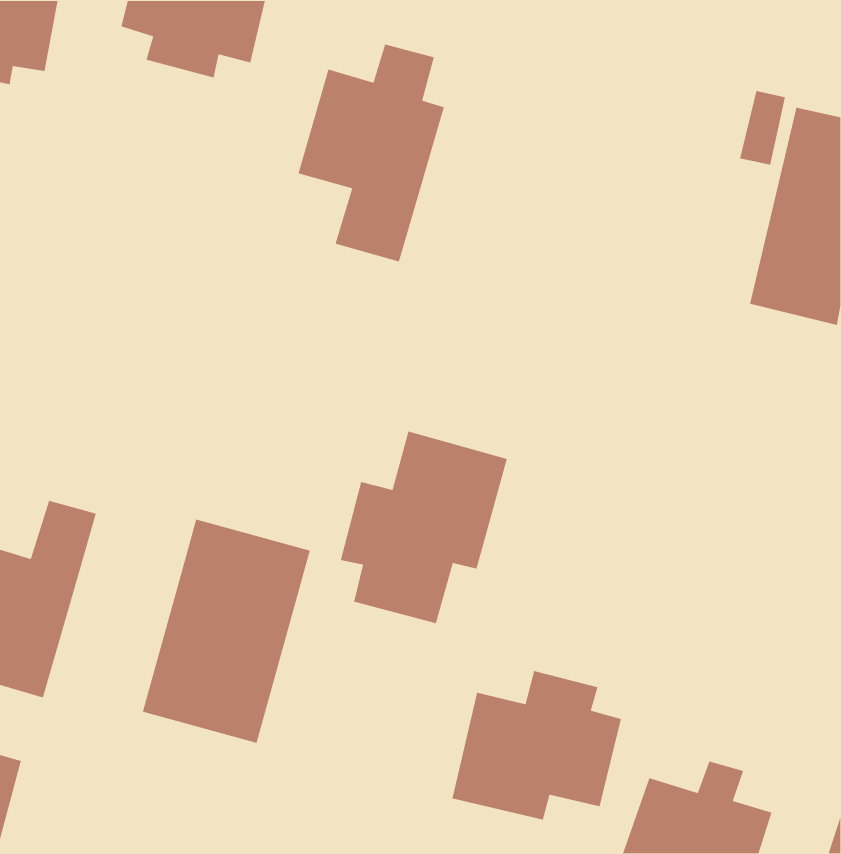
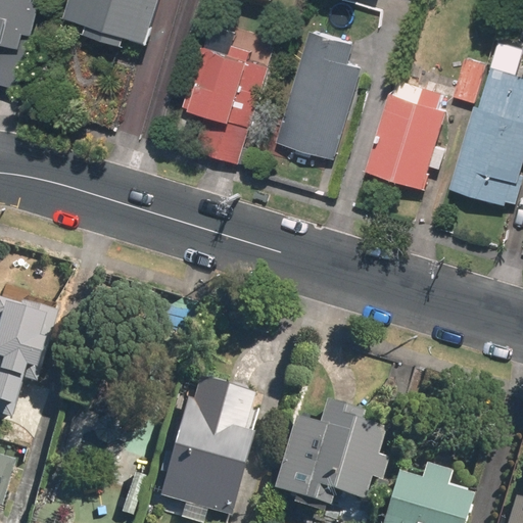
building: none -> [278,32,361,153]
building: none -> [369,92,446,186]
building: [340,431,508,624] -> none
building: [142,518,311,744] -> [158,378,262,516]

